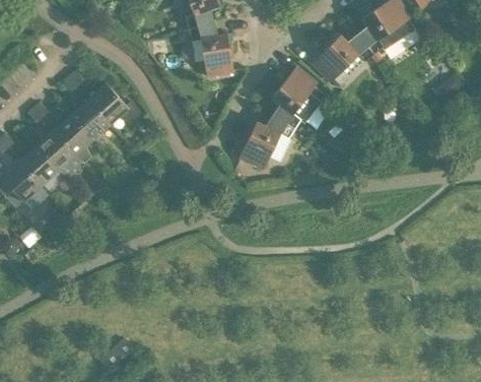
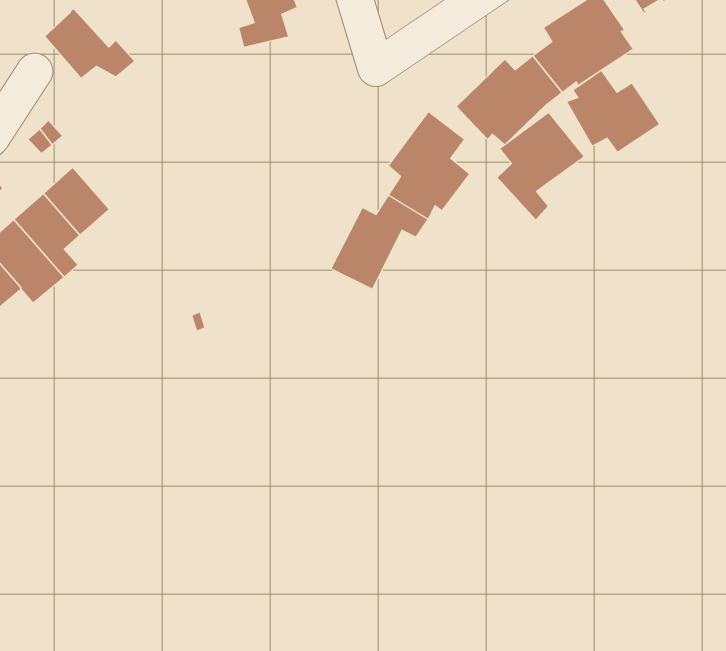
building: [187,22,231,76] -> none
building: none -> [567,70,660,152]
building: none -> [497,112,585,220]
building: [87,82,140,123] -> [44,9,135,78]

